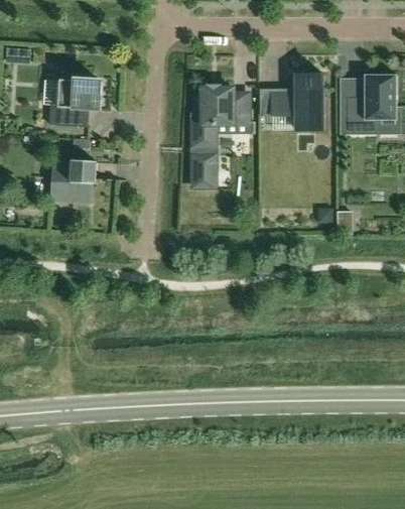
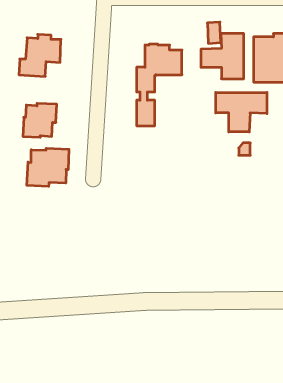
building: none -> [216,92,267,132]
building: none -> [27,148,69,186]

